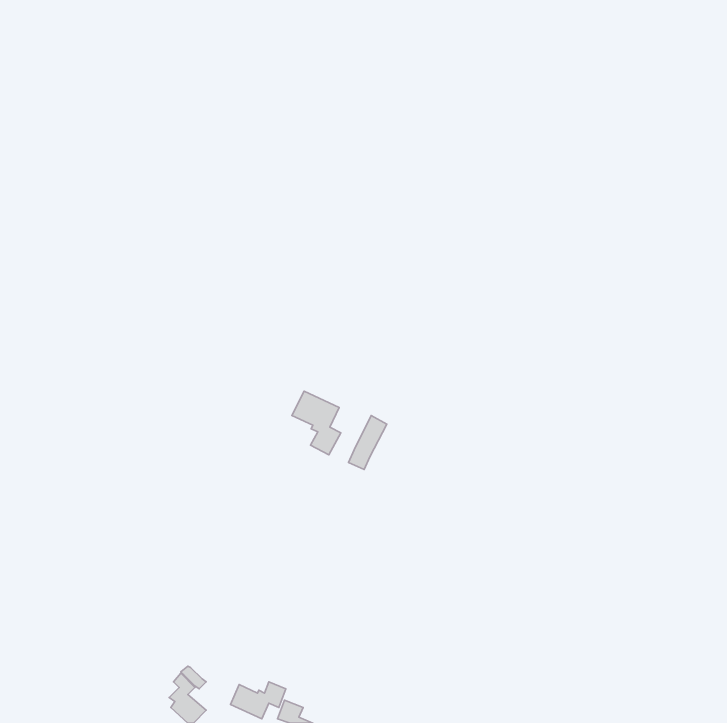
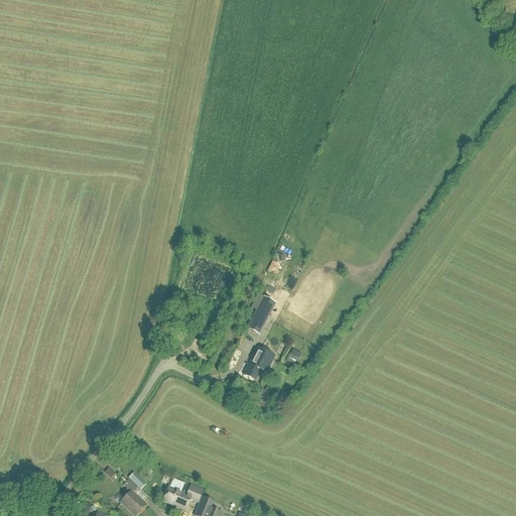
building: [292,391,341,455] -> none
building: none -> [243,346,274,379]

